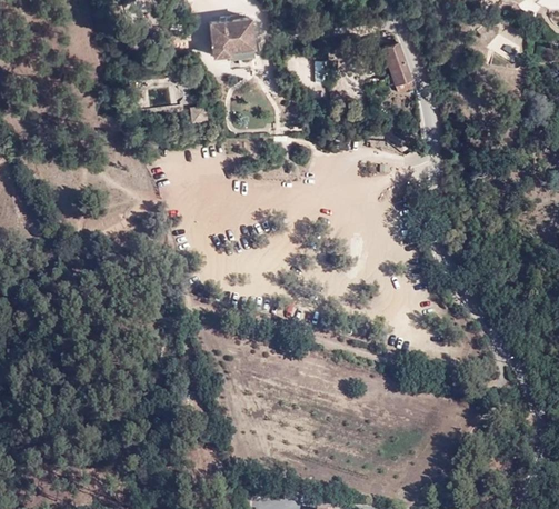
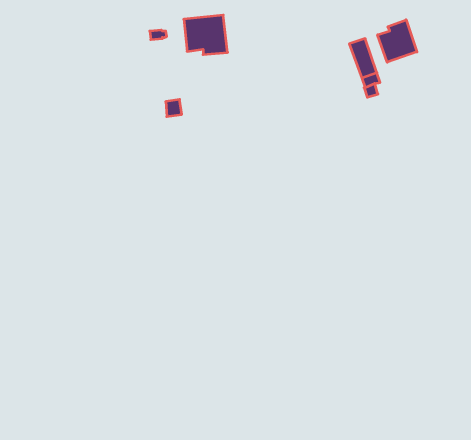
building: none -> [378,20,417,62]

